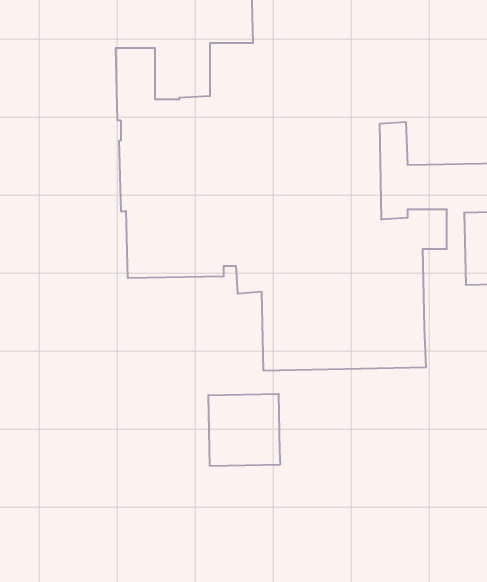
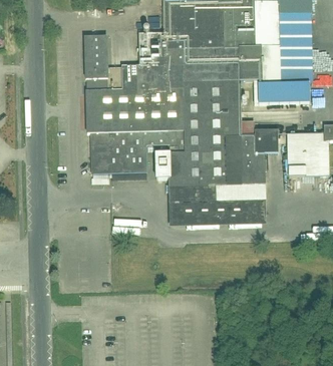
building: [208,394,280,466] -> none

